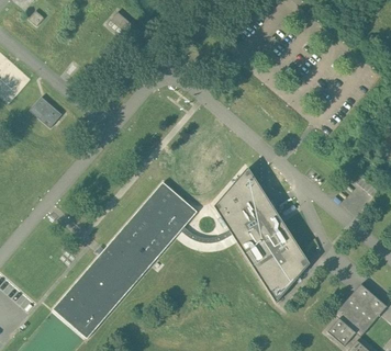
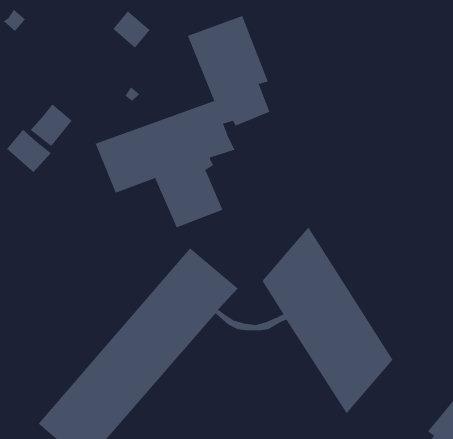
building: none -> [95,15,270,228]
building: none -> [30,103,72,147]

